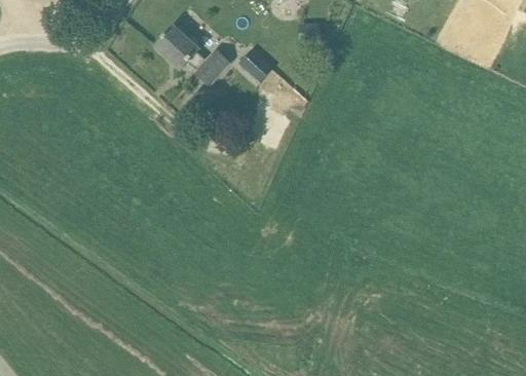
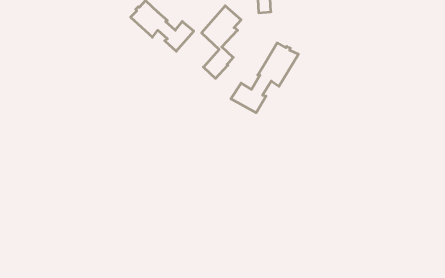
building: none -> [231,43,298,113]

